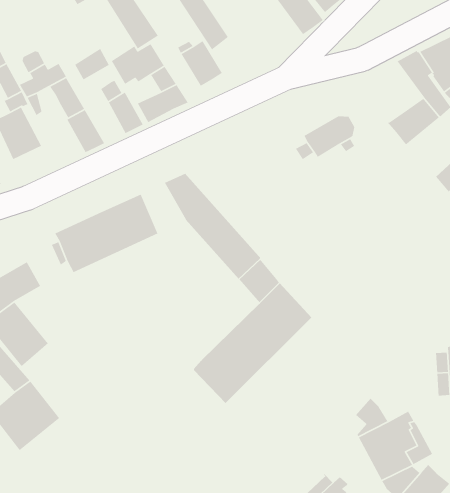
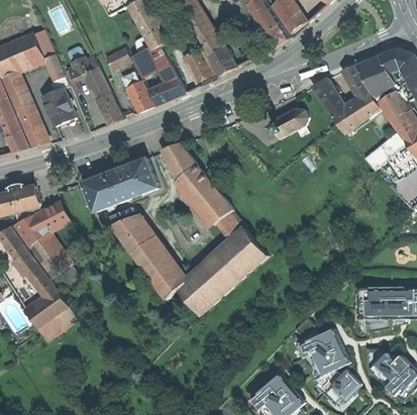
building: none -> [206,43,236,76]
building: none -> [312,77,346,115]
building: none -> [112,215,184,299]

